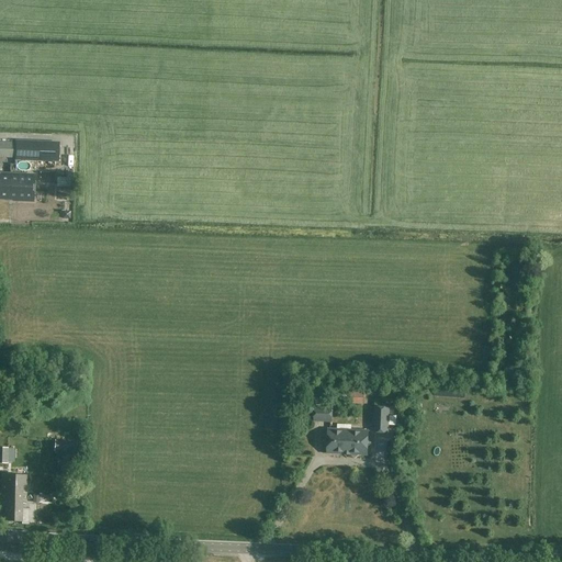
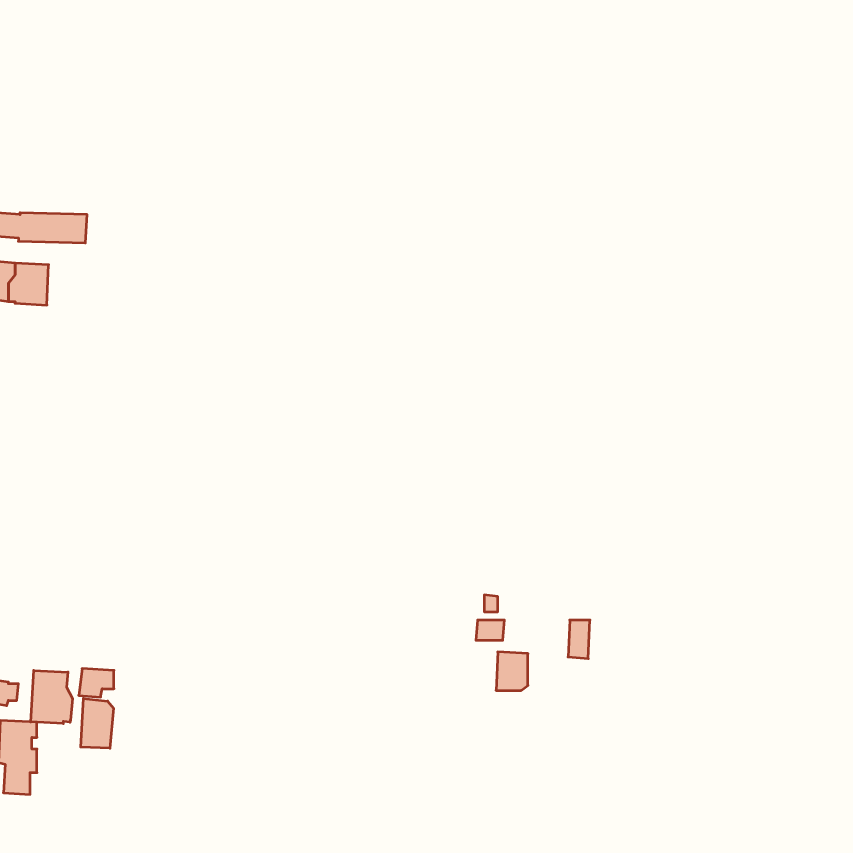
building: [346,428,370,457] -> none
building: none -> [31,670,72,724]
building: none -> [81,698,113,748]

